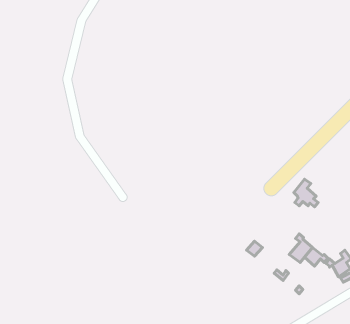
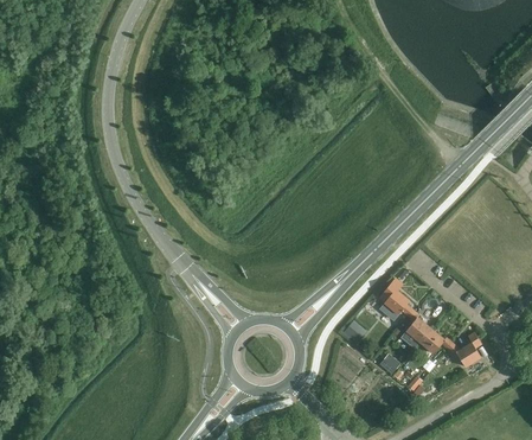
building: [294,179,318,207] -> [380,279,412,315]

